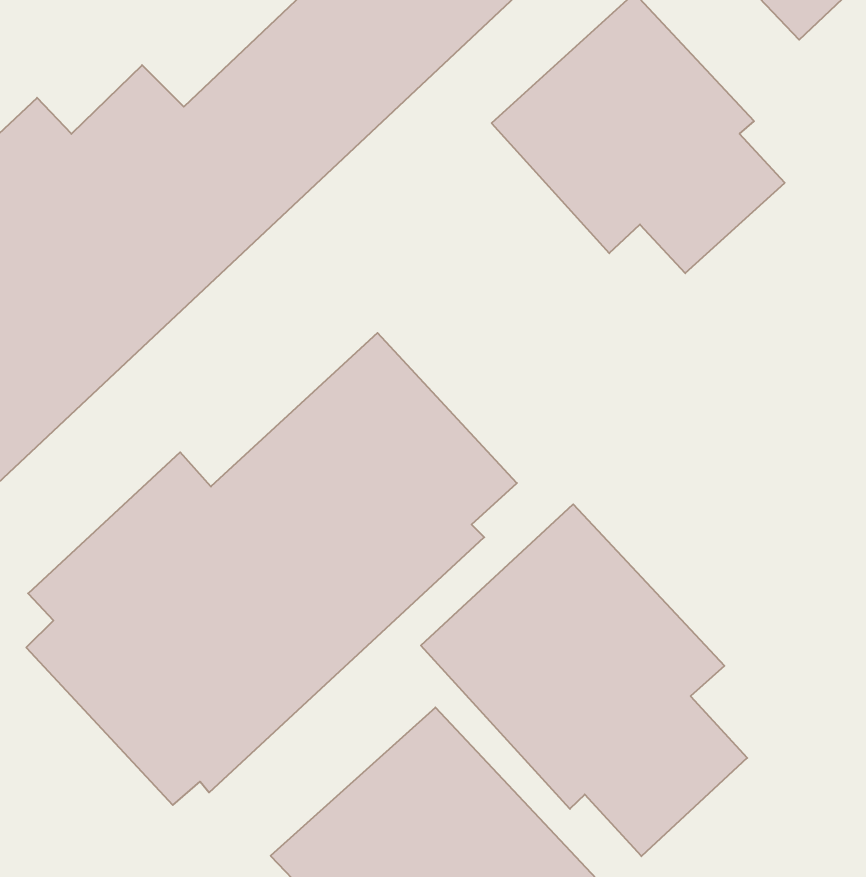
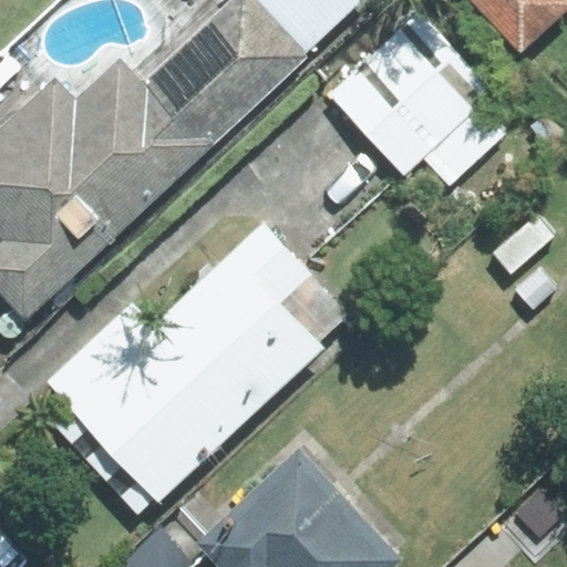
building: [421,504,747,856] -> none

